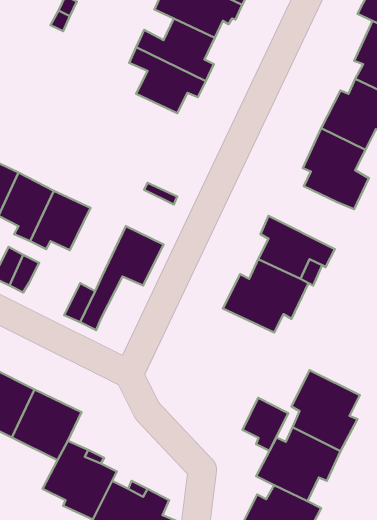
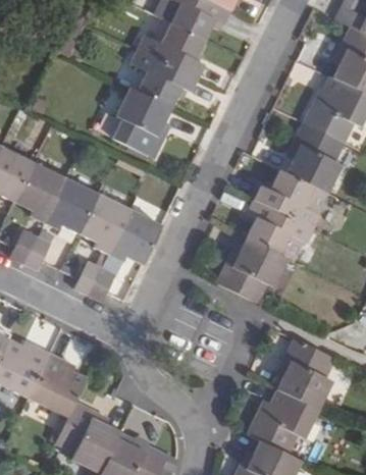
building: none -> [113,87,173,160]
building: none -> [255,169,328,229]
building: none -> [77,193,127,254]
building: [243,398,288,451] -> none

